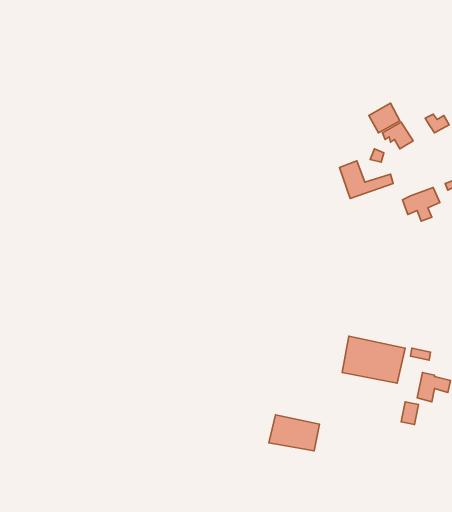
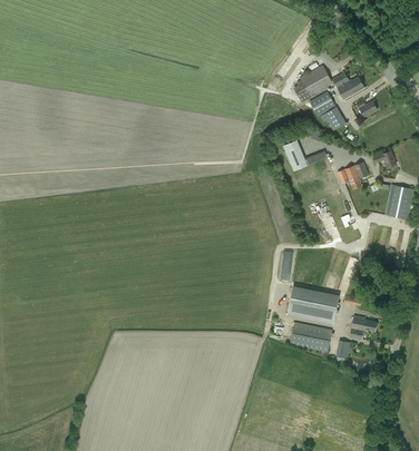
building: none -> [293,65,363,102]
building: [269,415,320,451] -> [289,322,331,352]

